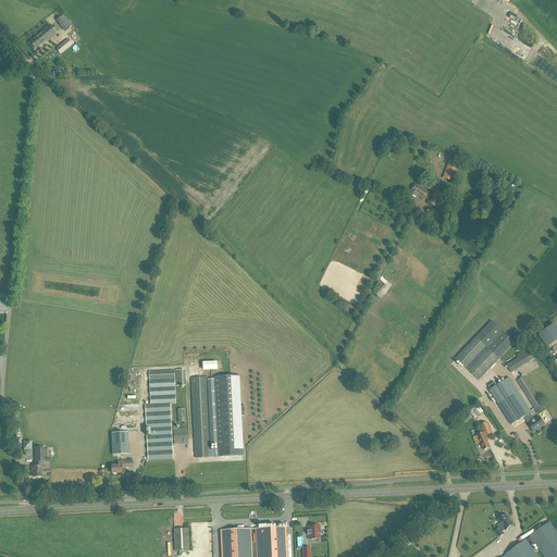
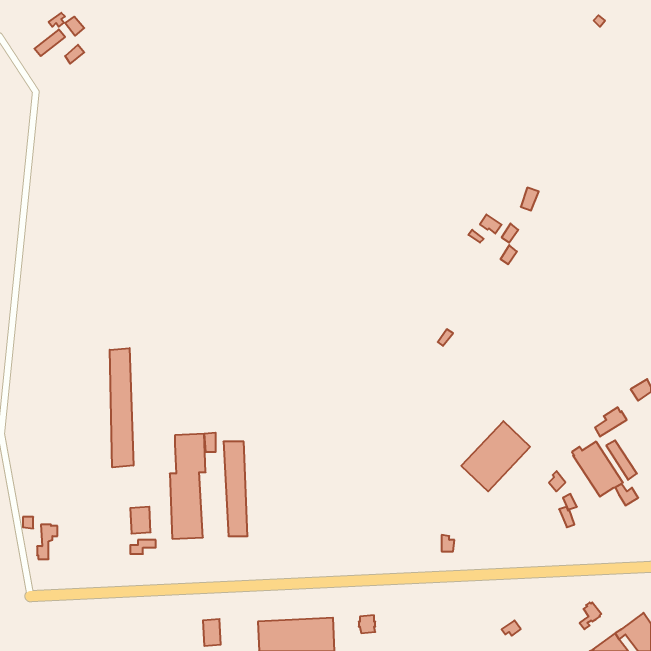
building: none -> [110,348,133,467]
building: [455,320,513,380] -> [461,421,530,491]
building: [212,373,243,455] -> none

